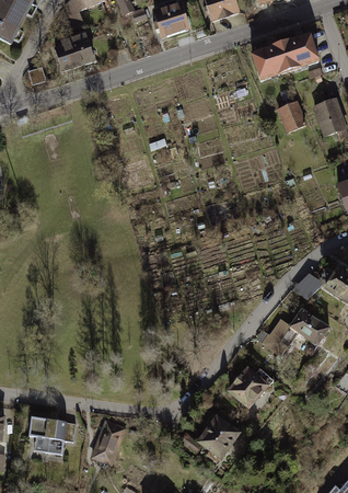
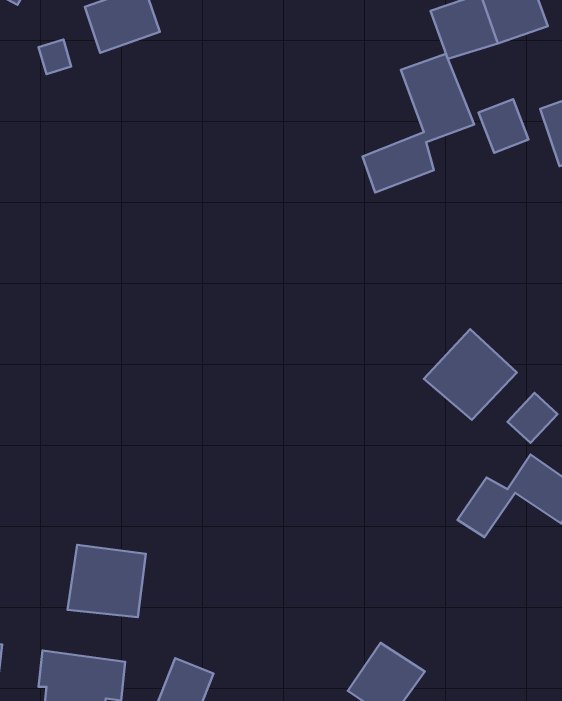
building: none -> [362,54,474,193]
building: none -> [424,329,517,420]
building: none -> [68,545,146,617]
building: [232,364,278,410] -> none

